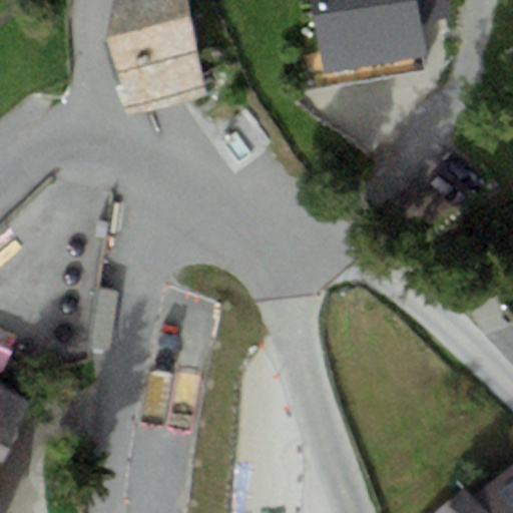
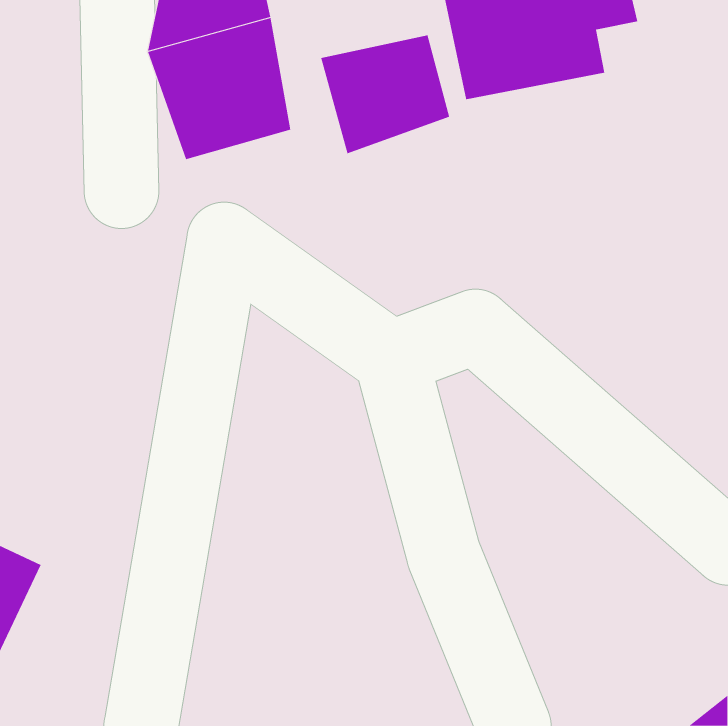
building: none -> [320,35,450,154]

